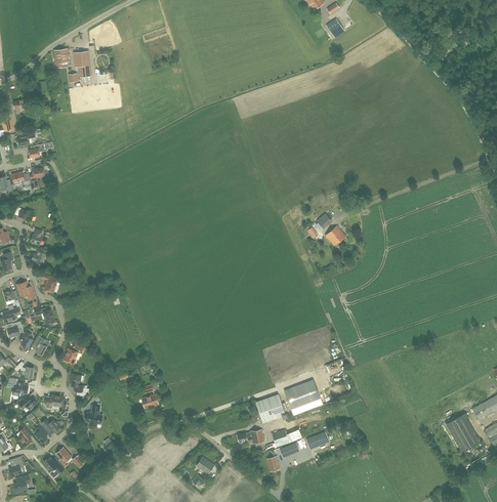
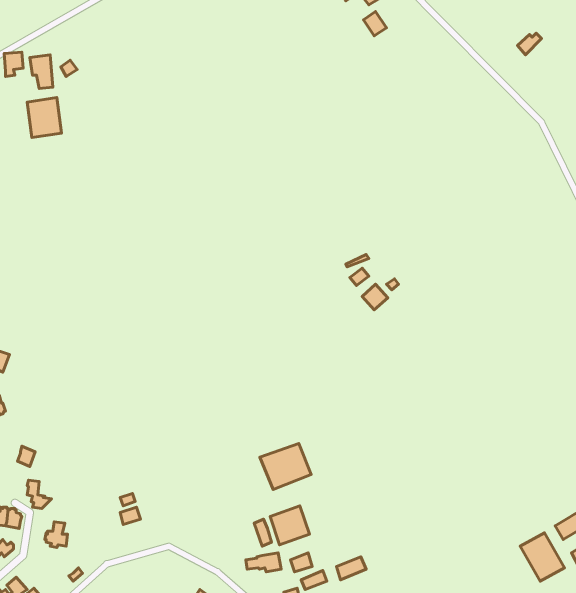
building: none -> [27,98,62,137]
building: [283,380,322,415] -> [260,444,311,489]

